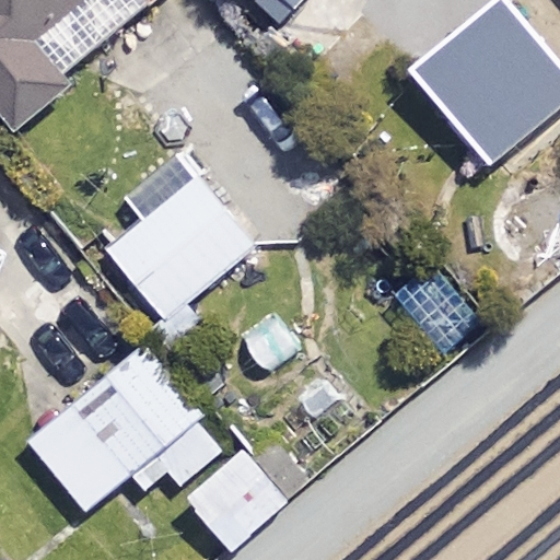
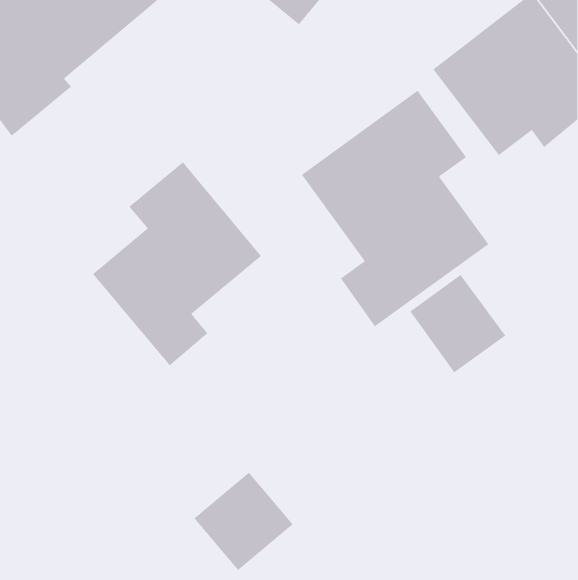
building: none -> [301,90,489,327]
building: [28,346,224,510] -> none

